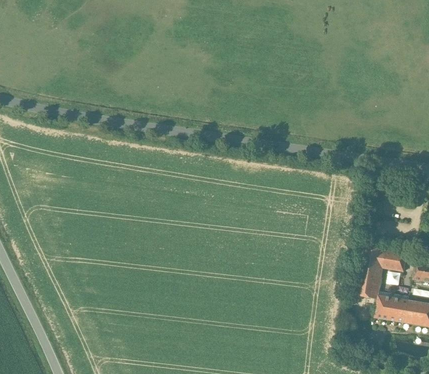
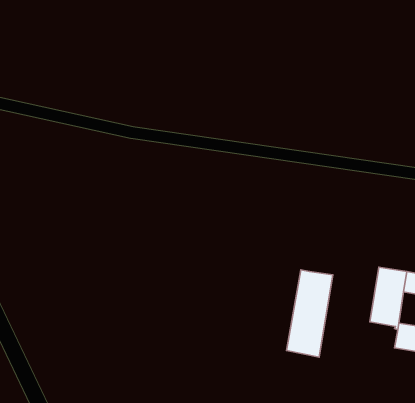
building: none -> [286,270,333,357]

